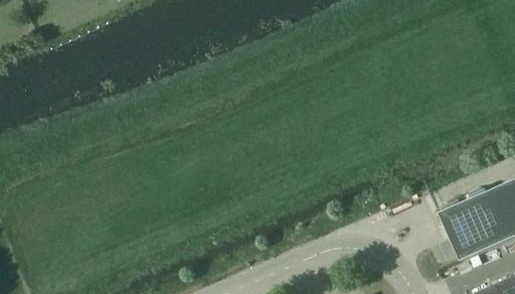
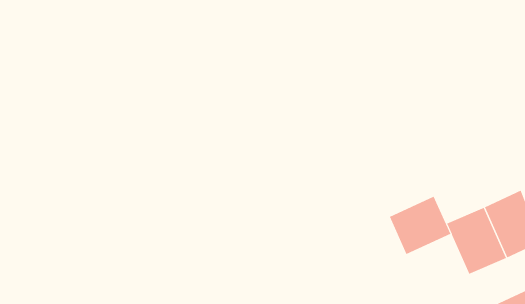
building: none -> [389,196,451,255]

